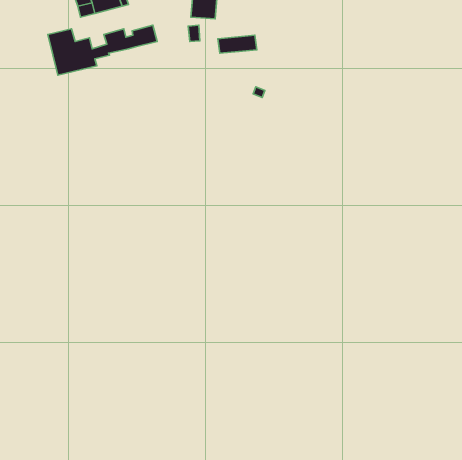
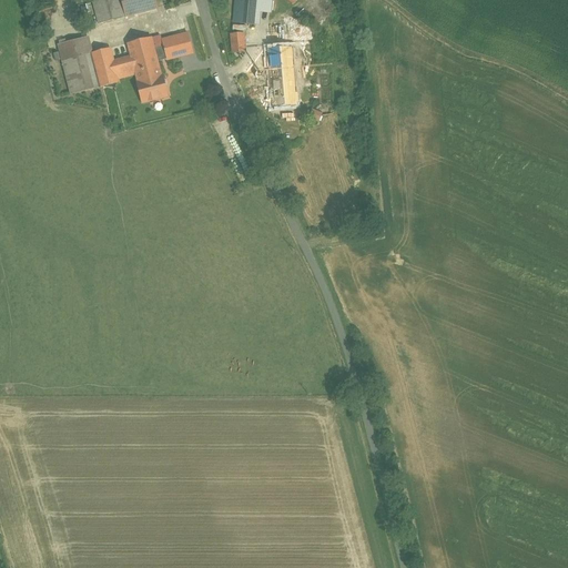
building: none -> [133,60,168,101]
building: none -> [270,63,296,105]

